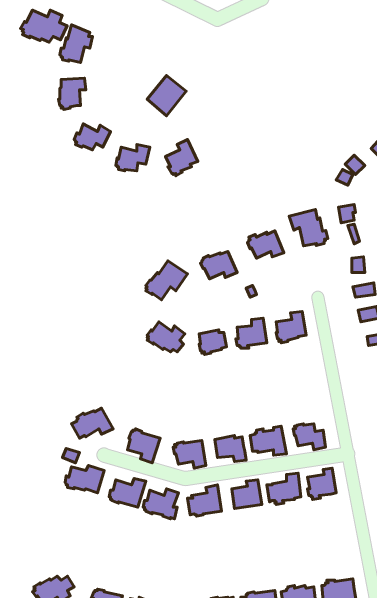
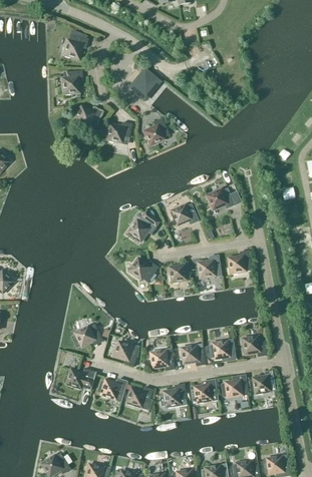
building: [21,10,67,42] -> none
building: [289,209,328,246] -> none

